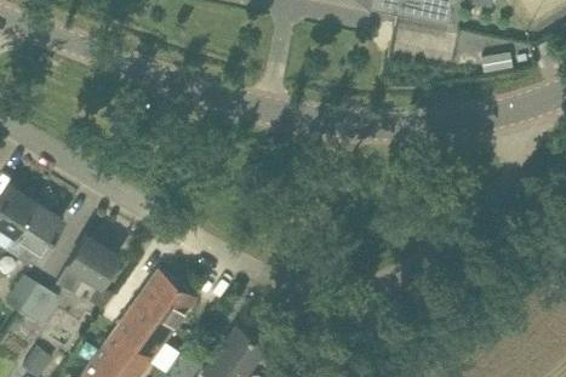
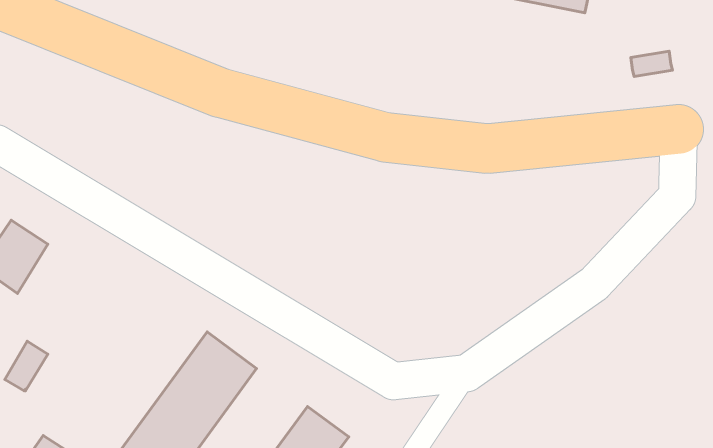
building: [16,201,64,267] -> none
building: [57,233,120,302] -> none
building: [21,285,59,326] -> none

